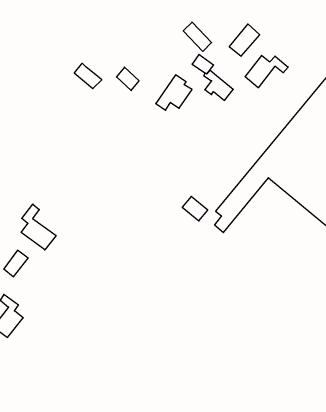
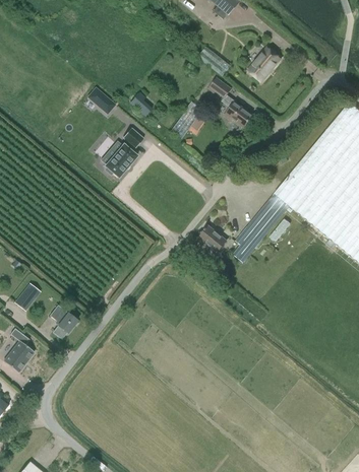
building: [245,55,288,88] -> none
building: none -> [101,128,143,178]
building: [21,204,56,250] -> none
building: none -> [50,306,77,339]

